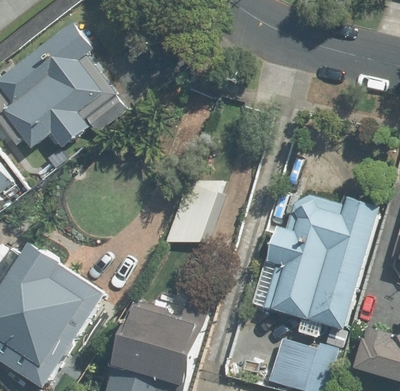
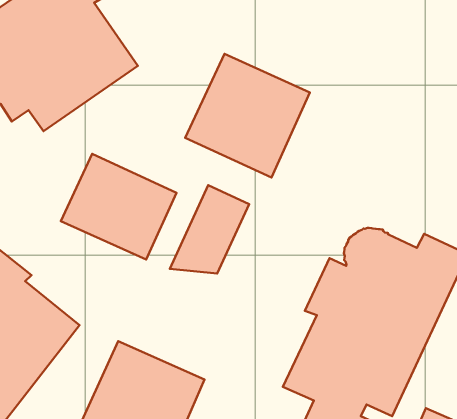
building: none -> [185,54,310,178]
building: none -> [61,154,176,260]

